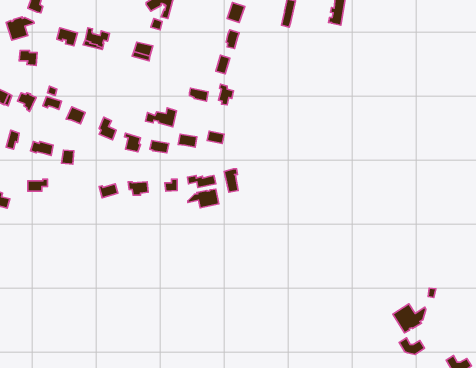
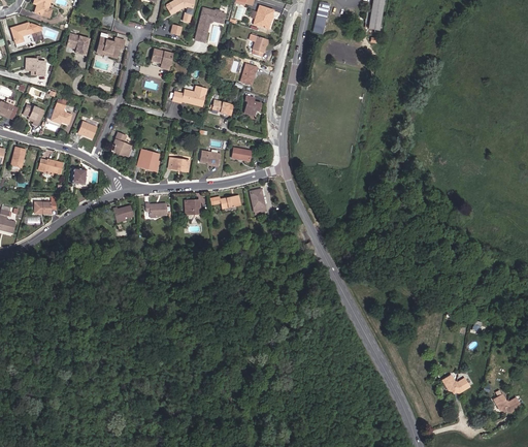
building: none -> [195,7,225,41]
building: [146,108,177,127] -> [172,85,206,105]
building: [188,189,219,208] -> none
building: [393,304,426,333] -> none

